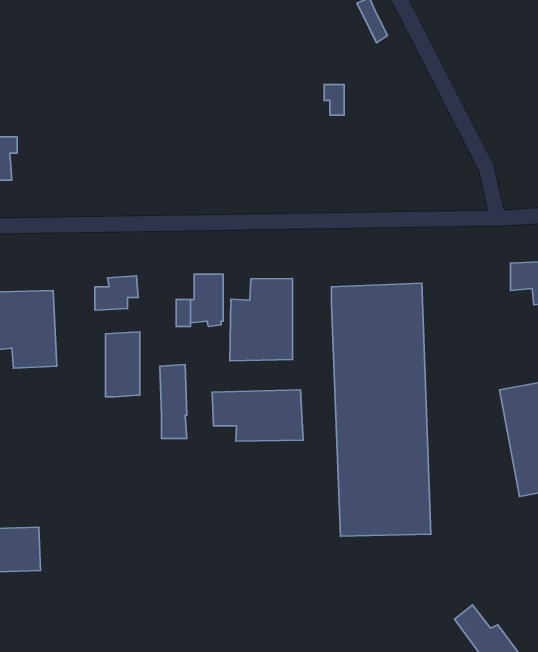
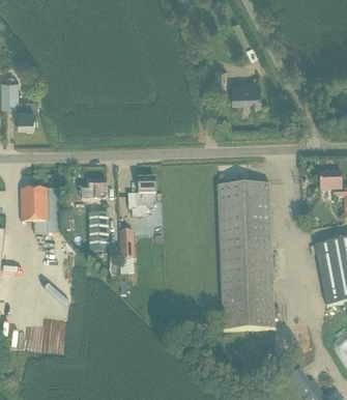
building: none -> [231,82,259,104]
building: [230,279,293,361] -> none
building: [212,390,303,441] -> none

